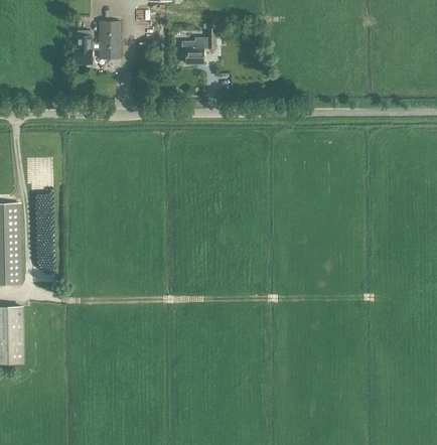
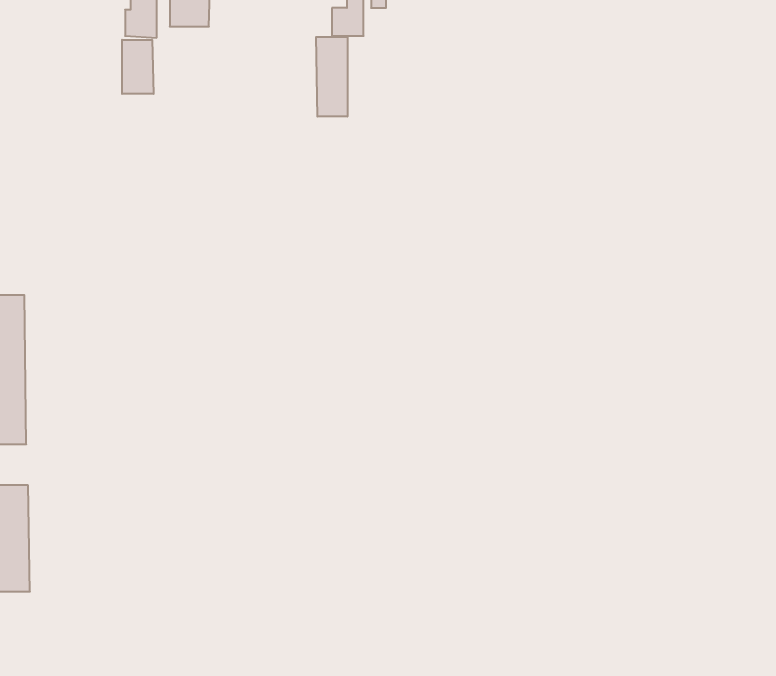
building: none -> [316,37,347,117]
building: none -> [122,40,154,94]

